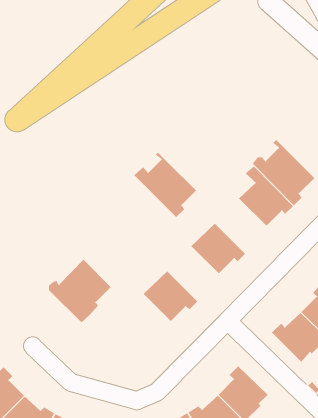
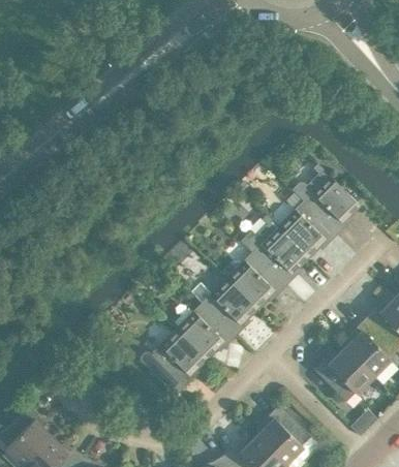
building: [133,152,197,218] -> [241,216,308,286]
building: none -> [203,278,257,337]
building: [48,259,112,323] -> [140,329,207,397]

